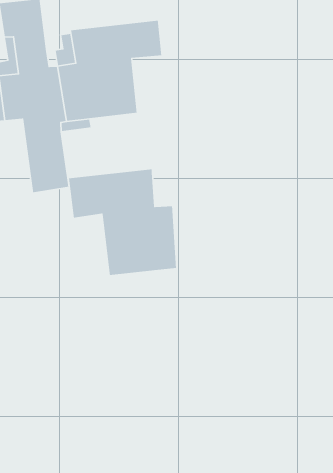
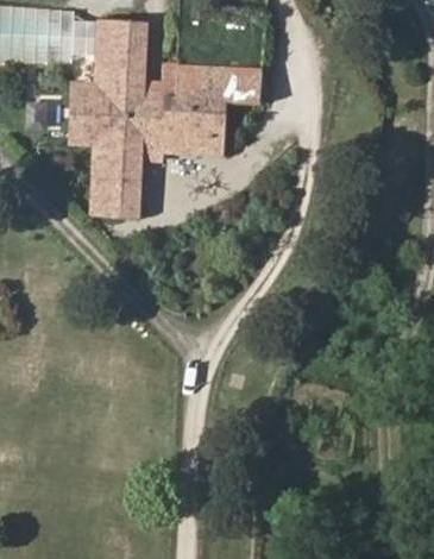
building: [68,168,177,276] -> none

